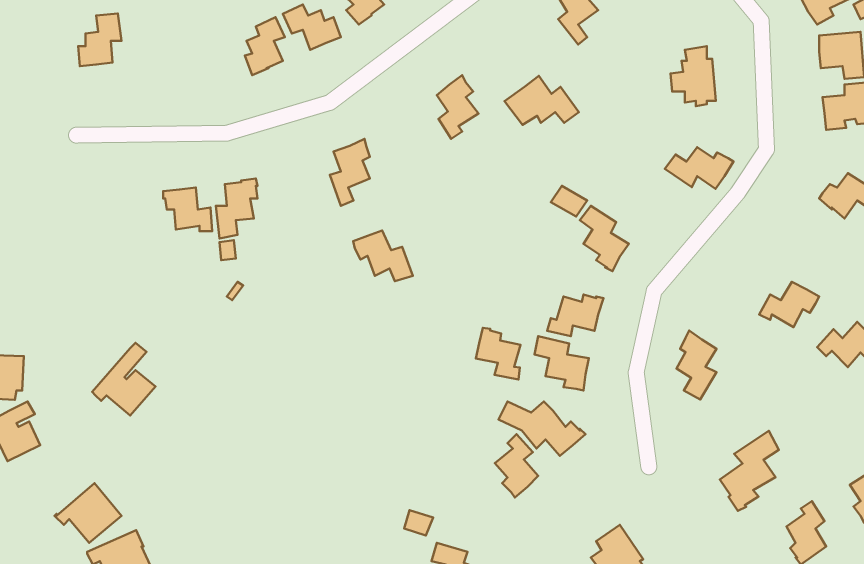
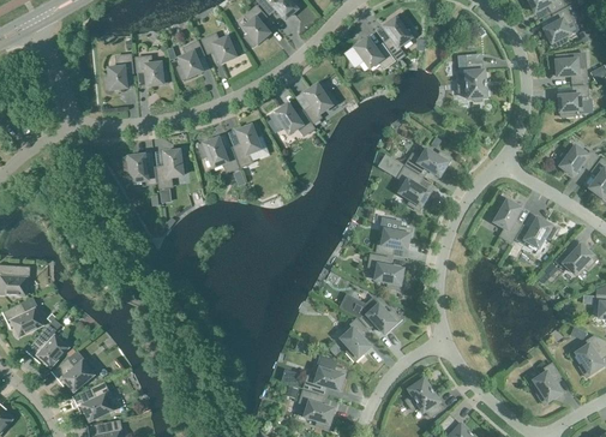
building: [78,14,122,66] -> [103,55,132,90]
building: none -> [136,56,168,85]
building: [505,76,579,125] -> [344,37,394,70]
building: none -> [269,104,313,136]
building: [665,147,734,189] -> [407,148,452,175]
building: [353,230,413,281] -> [198,138,238,172]
building: [476,328,520,380] -> none
building: [677,331,716,399] -> [496,196,522,241]
building: [92,343,155,415] -> [25,318,67,366]
building: [720,431,779,511] -> none
building: none -> [305,354,347,393]

